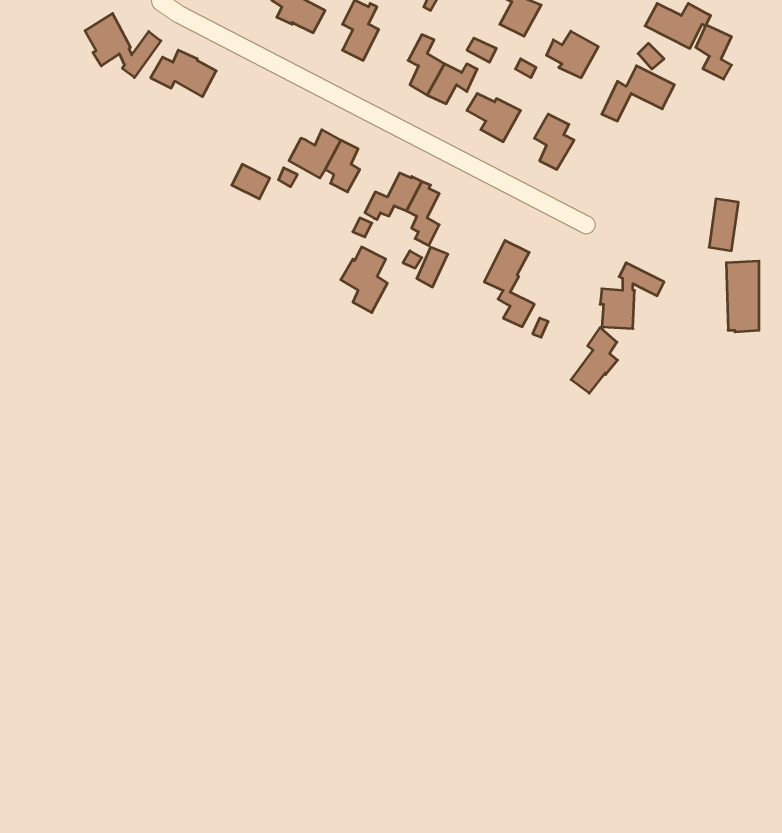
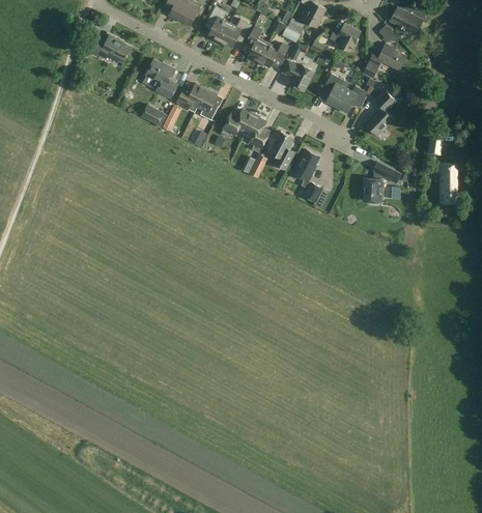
building: [85,13,161,78] -> none
building: none -> [220,19,252,48]
building: [696,25,732,79] -> none
building: none -> [146,59,178,98]
building: none -> [336,86,368,113]
building: none -> [364,90,395,136]
building: [341,247,387,313] -> [266,131,294,170]
building: [571,328,618,393] -> none

